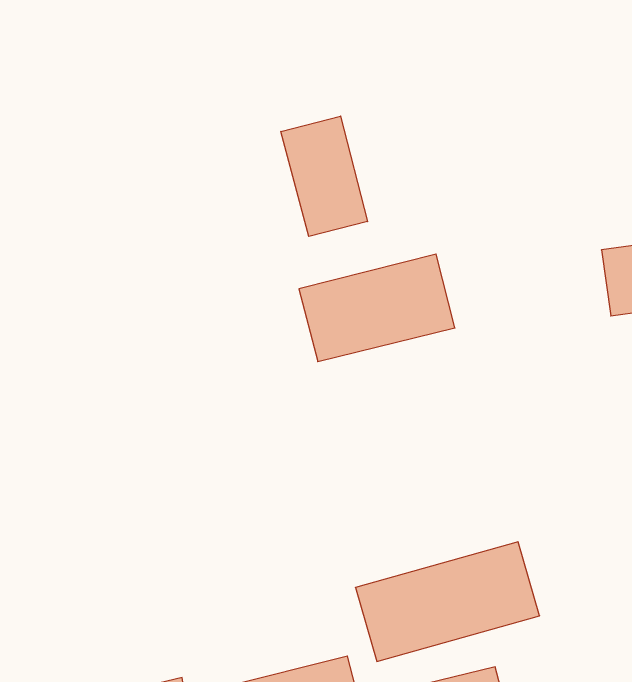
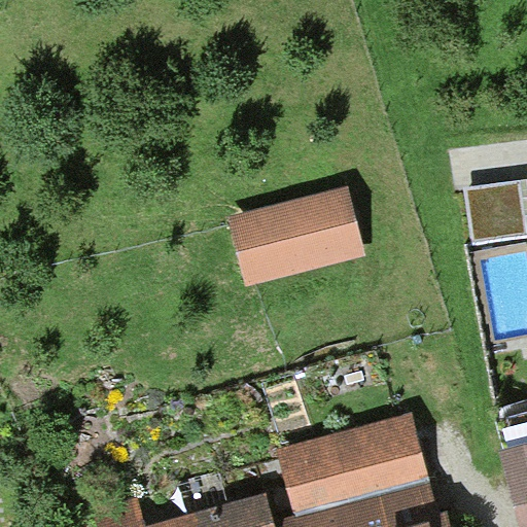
building: [281,116,368,236] -> none

